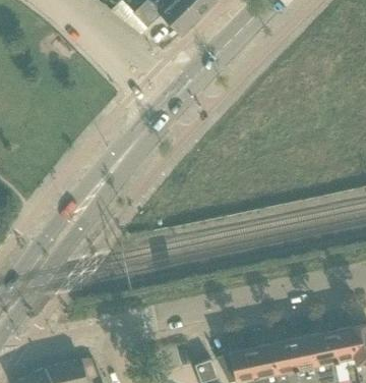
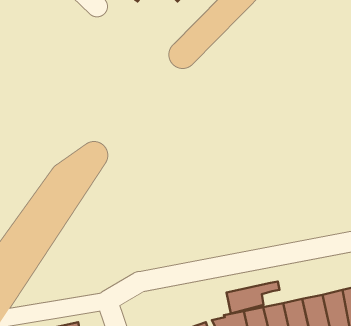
building: none -> [227,281,280,314]

